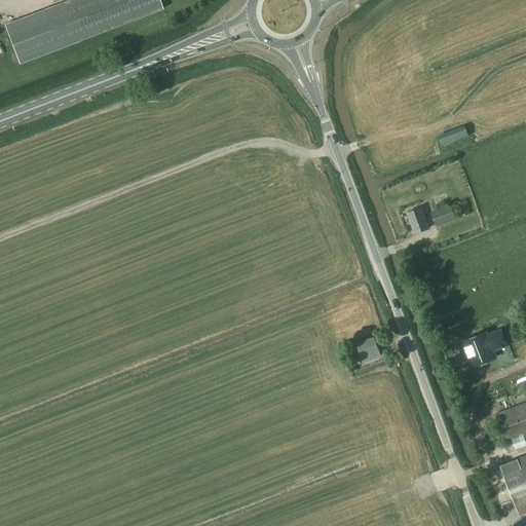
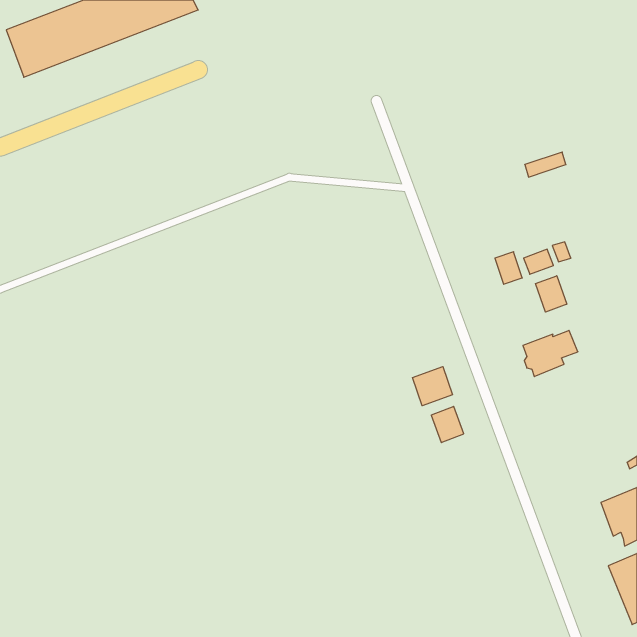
building: none -> [536,276,567,312]
building: none -> [412,367,453,406]
building: [463,329,509,367] -> [523,330,578,377]

